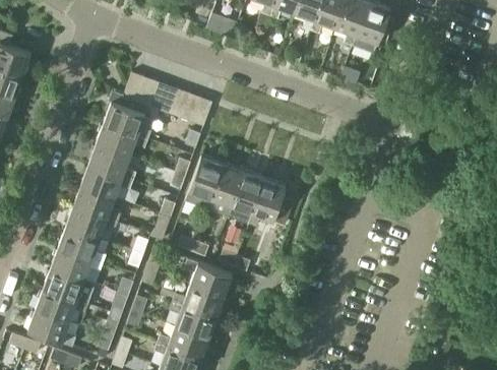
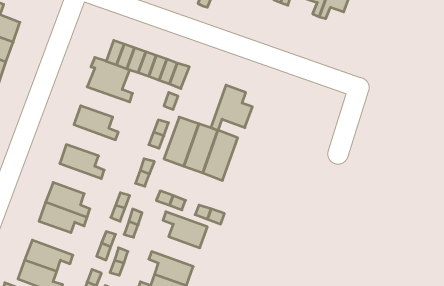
building: [96,123,148,156] -> none
building: [80,164,133,197] -> none
building: [248,178,293,227] -> [211,85,252,130]
building: [66,205,118,238] -> none
building: [44,267,96,304] -> none
building: [172,284,224,316] -> none

